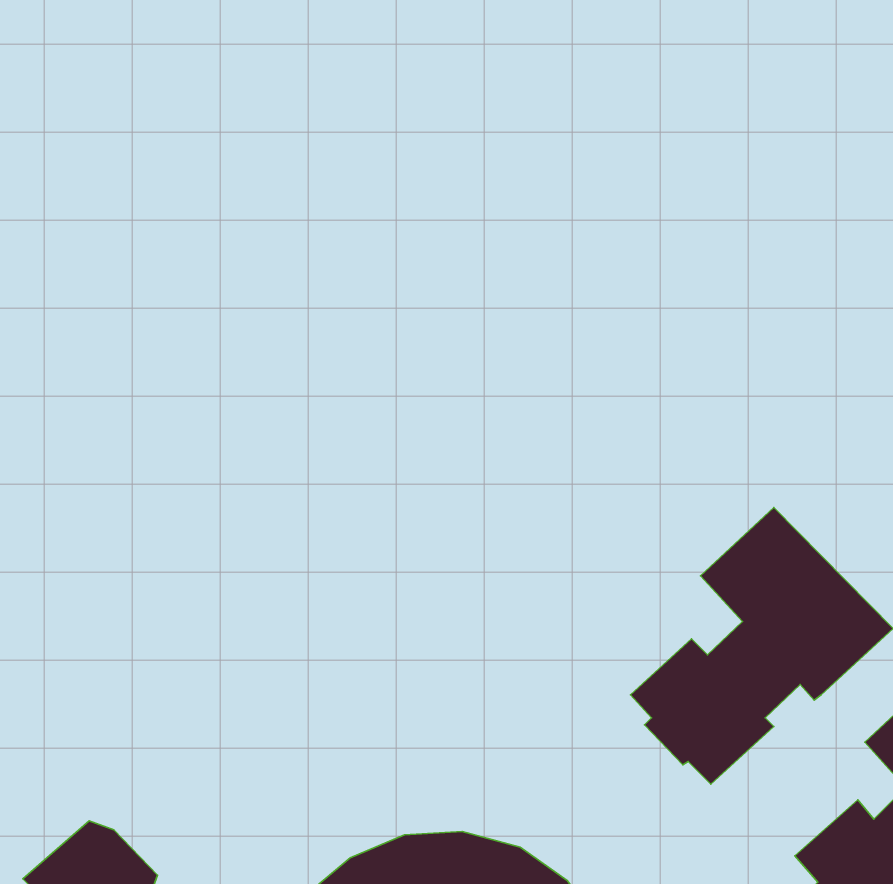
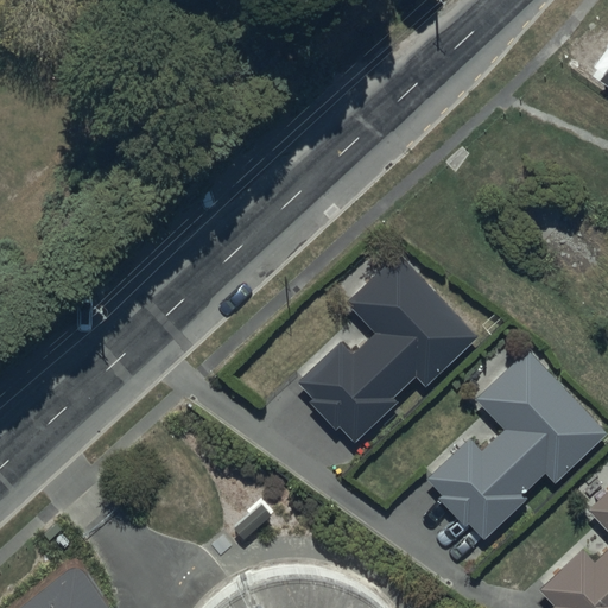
building: none -> [299,255,477,442]

